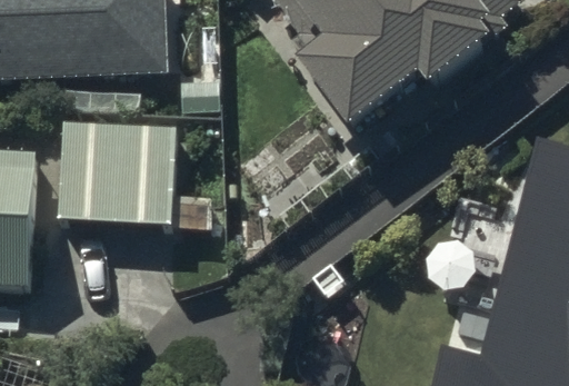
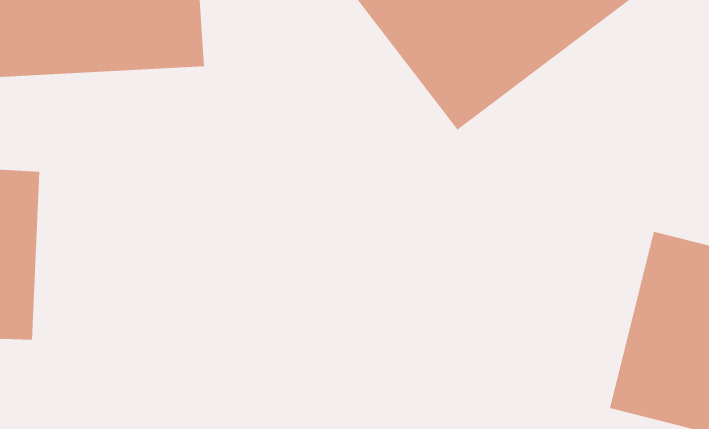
building: [60,120,210,229] -> none

